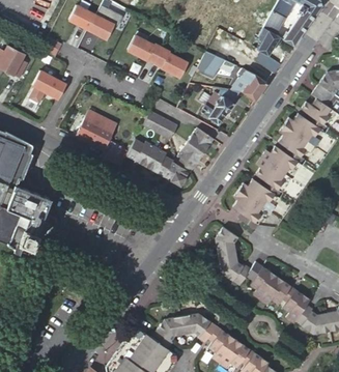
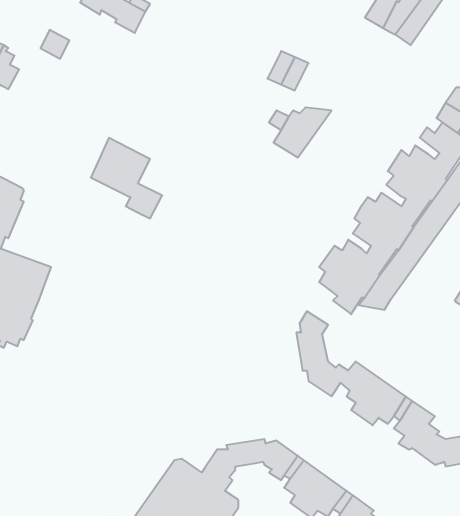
building: [255,27,281,71] -> none
building: [126,34,186,77] -> none
building: [230,67,267,101] -> none
building: [32,68,65,97] -> none
building: [140,109,175,137] -> none
building: [124,126,213,185] -> none

